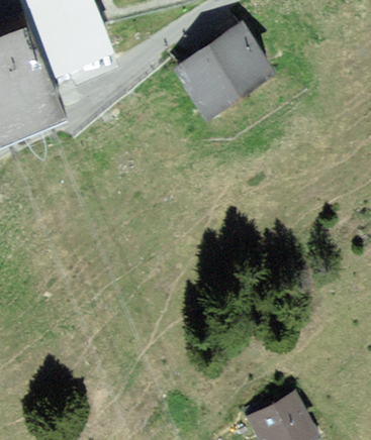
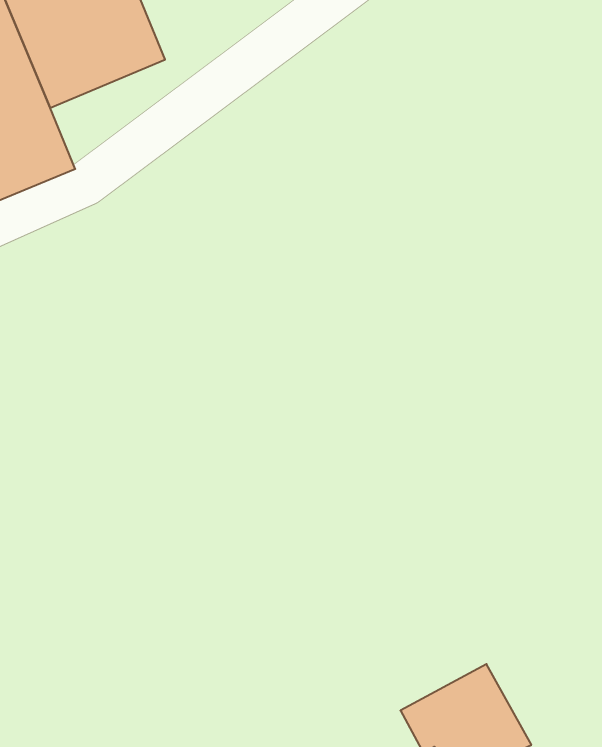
building: [172,21,275,117] -> none

